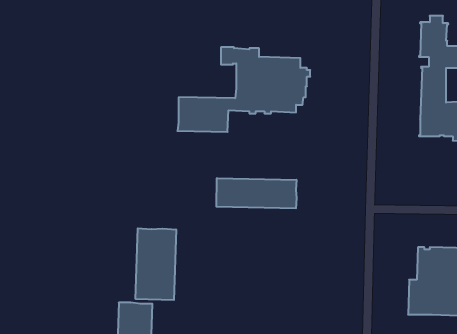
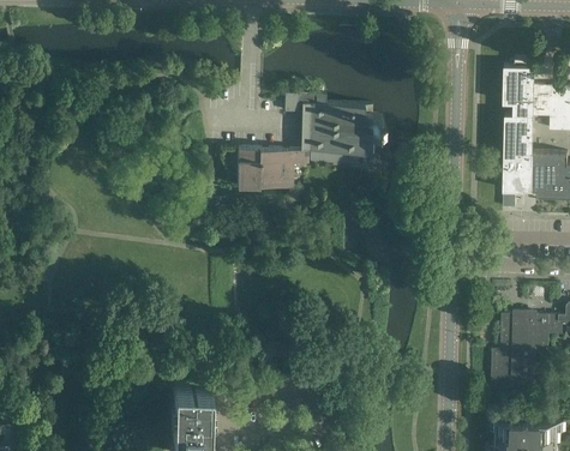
building: [216,178,297,208] -> none
building: [136,228,176,300] -> none

